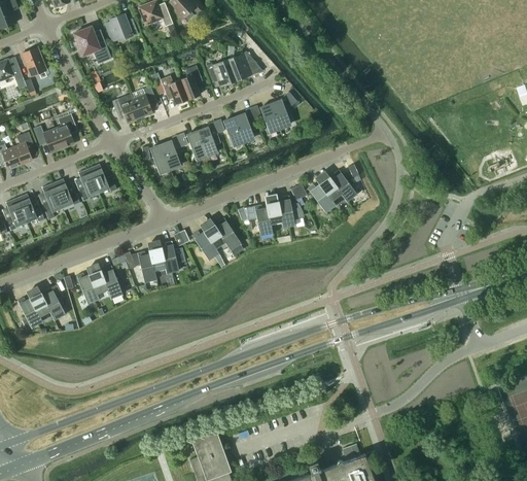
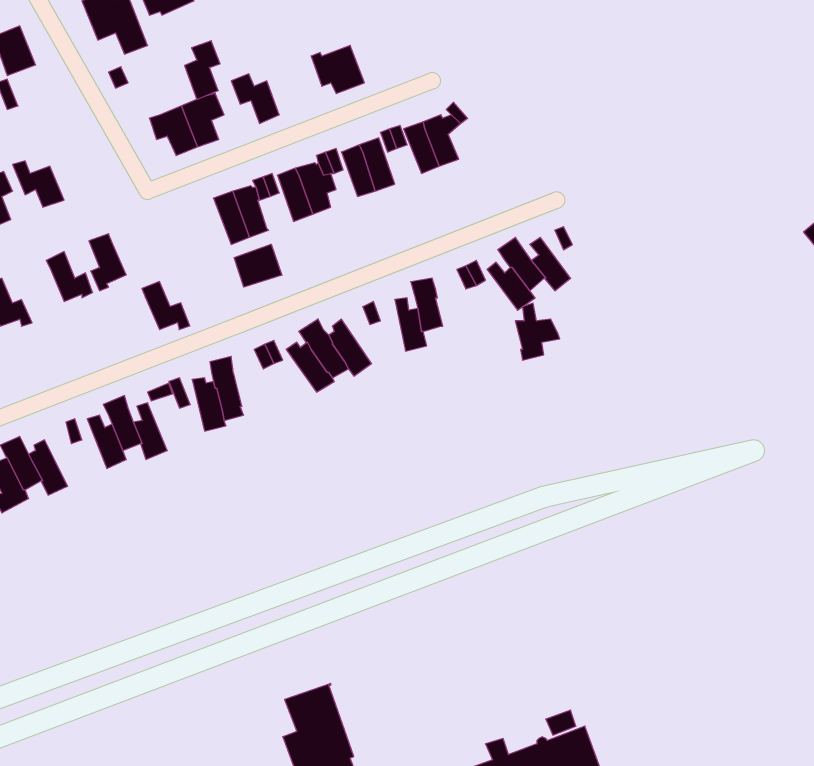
building: [229,51,262,80] -> none
building: [180,65,201,99] -> [185,41,220,99]
building: [55,113,77,148] -> none
building: [89,164,116,192] -> [142,282,190,330]
building: none -> [234,244,282,287]
building: [41,183,63,219] -> none
building: [278,195,304,228] -> [515,303,560,360]
building: [161,241,184,273] -> none

